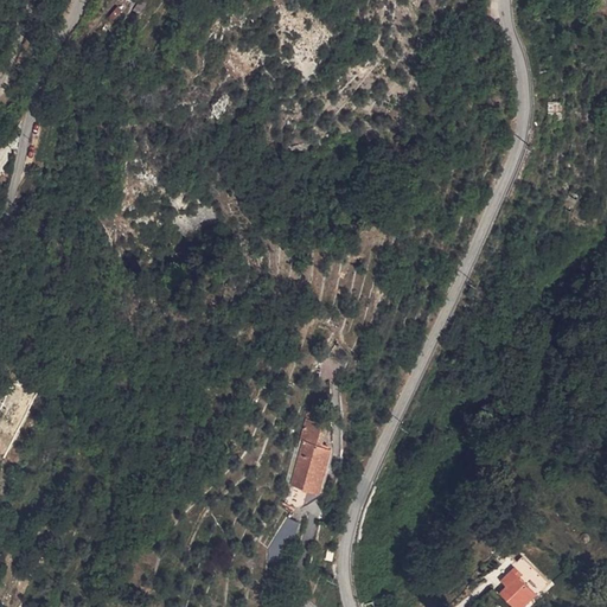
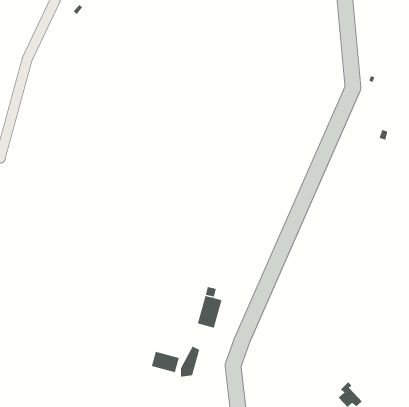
building: none -> [151,351,180,373]

